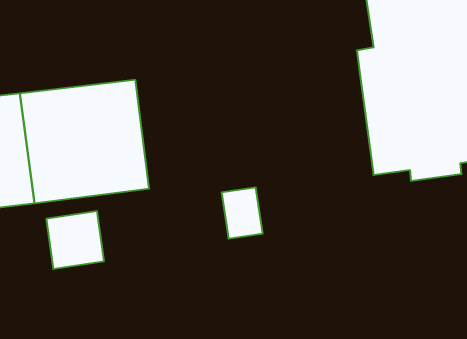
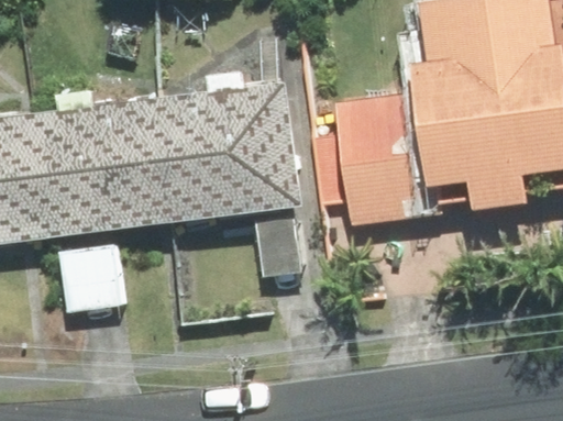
building: none -> [161,81,300,220]
building: none -> [334,91,429,223]

